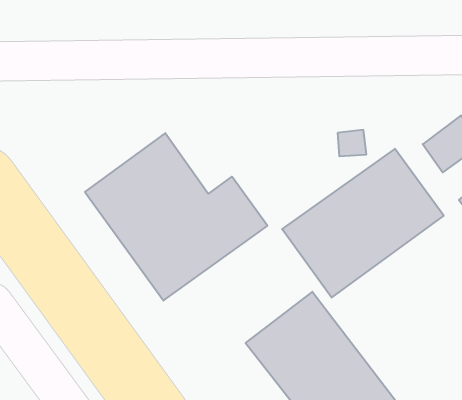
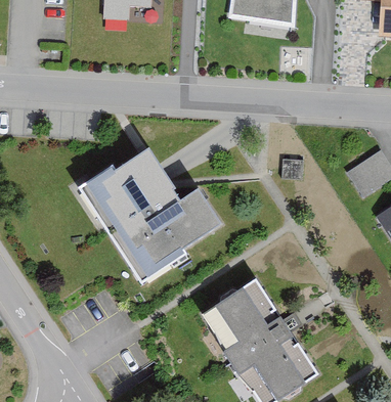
building: [282,149,444,298] -> none

